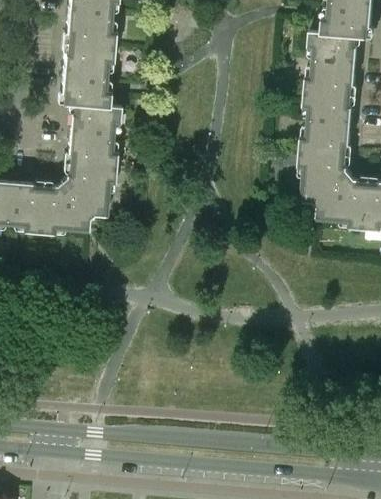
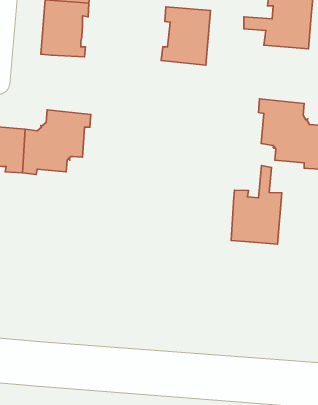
building: [299,92,353,156] -> [161,7,210,65]
building: [66,103,119,168] -> none
building: none -> [231,166,282,244]

